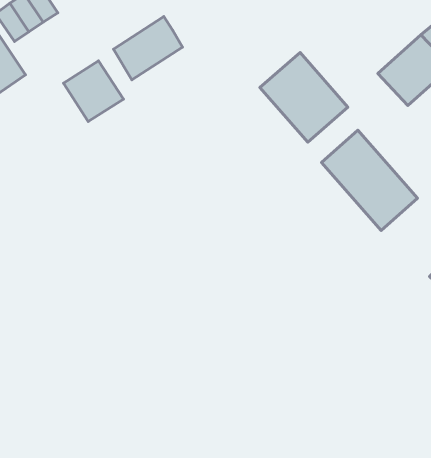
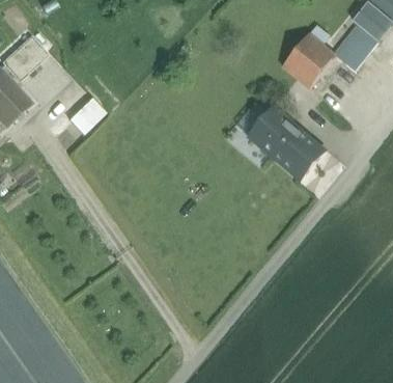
building: [114,17,182,80] -> none
building: [260,53,348,142] -> none

